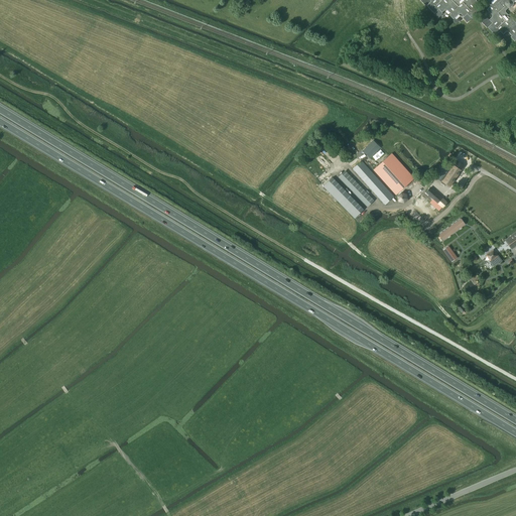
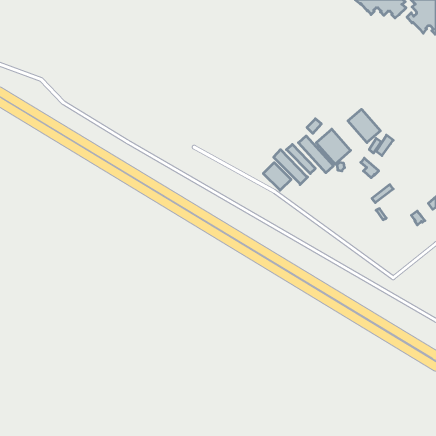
building: none -> [348,109,380,143]
building: none -> [263,163,291,190]

